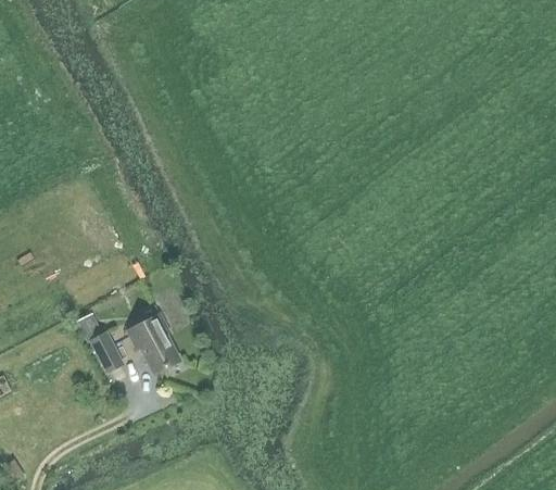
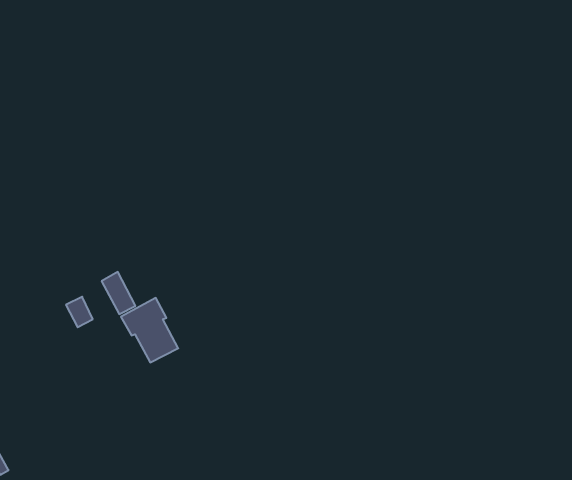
building: [90,332,122,372] -> [102,272,135,314]

